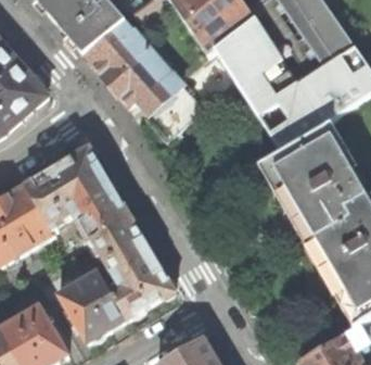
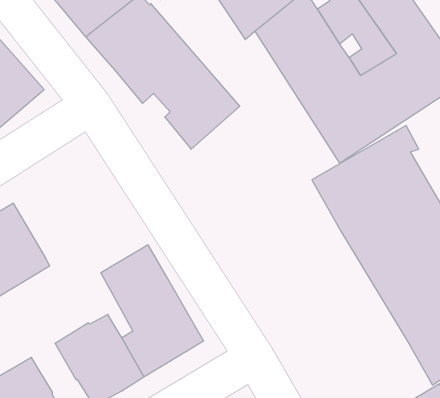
building: [26,146,131,242] -> none

